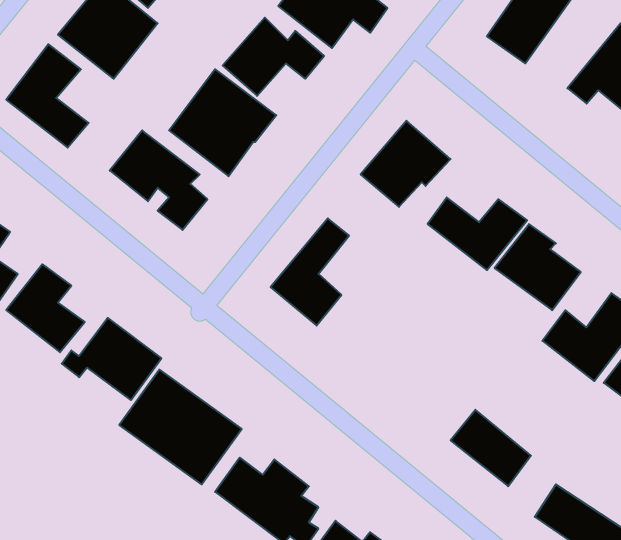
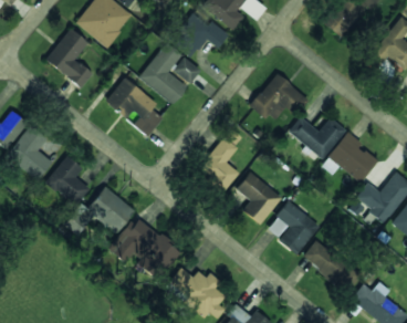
building: none -> [236,170,283,223]
building: none -> [267,201,320,254]

